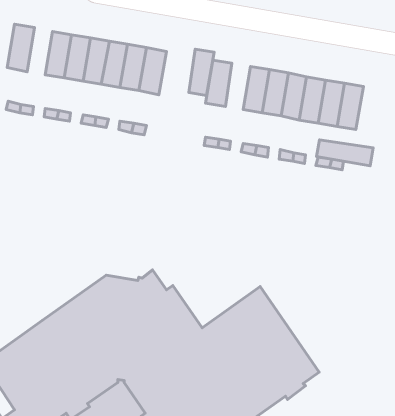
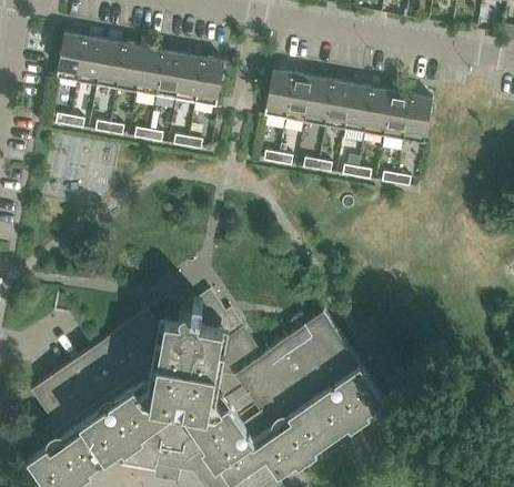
building: none -> [79,35,105,85]
building: [189,49,214,96] -> [288,73,314,122]
building: [317,140,373,166] -> none

